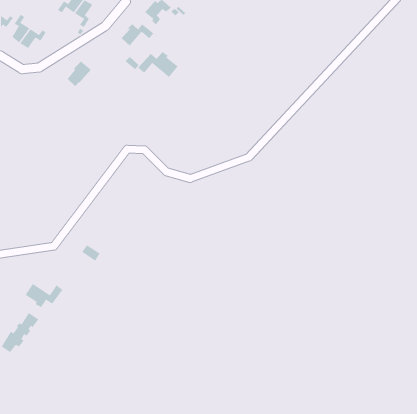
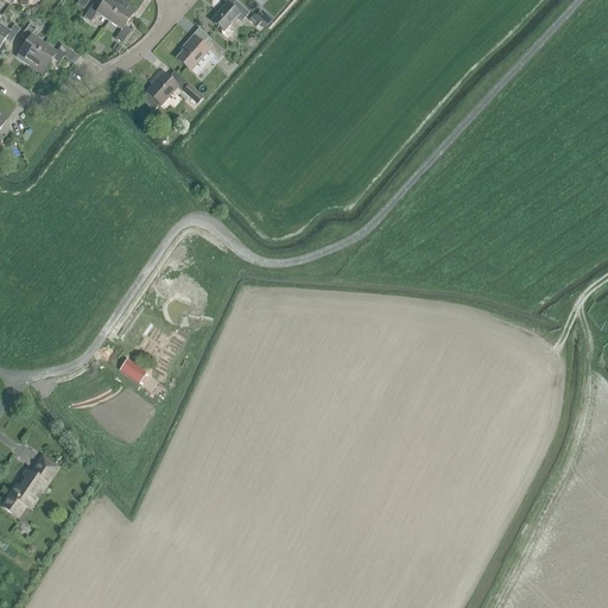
building: [138,51,178,78] -> none
building: [67,61,91,87] -> [141,70,177,108]
building: [25,283,63,308] -> none

